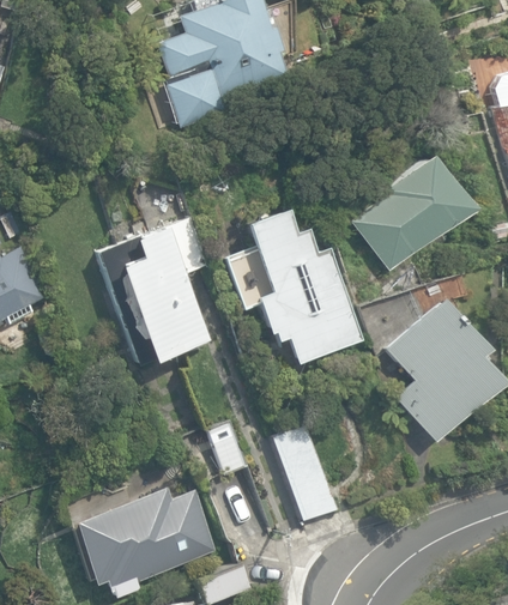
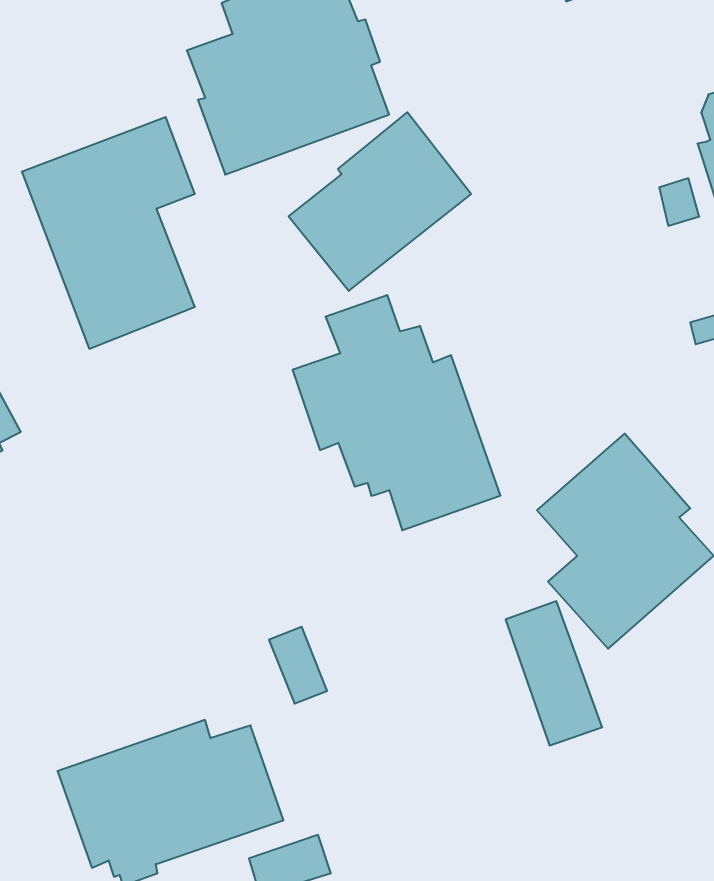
building: [351,153,471,271] -> [289,112,471,291]
building: [99,216,213,368] -> [22,117,195,349]
building: [276,425,339,520] -> [506,601,602,745]

